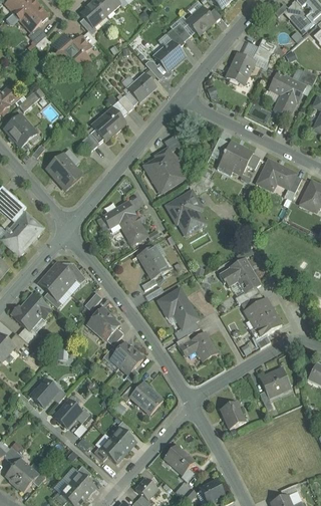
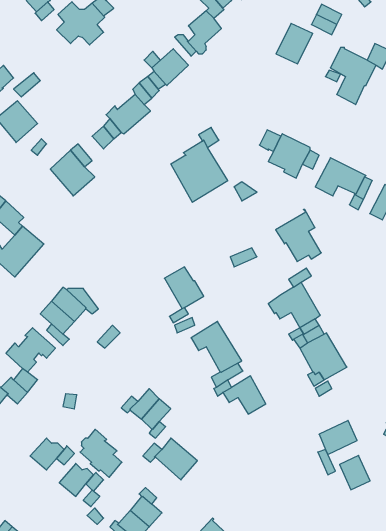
building: [167,188,203,229] -> [276,210,321,262]
building: [101,202,147,246] -> none
building: [89,307,122,345] -> [80,429,122,477]
building: [221,403,245,430] -> [340,455,370,490]

